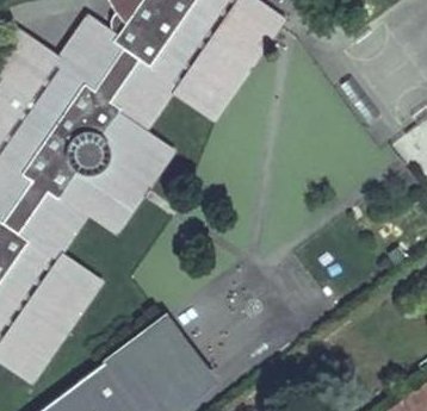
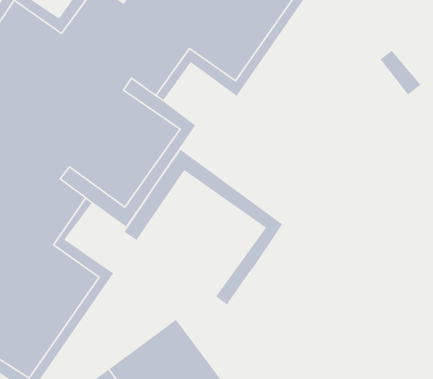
building: none -> [123,149,283,306]

